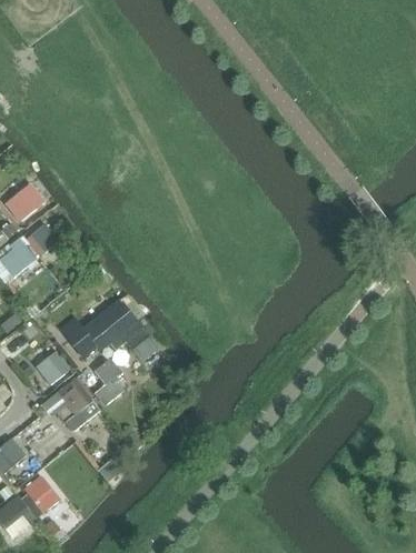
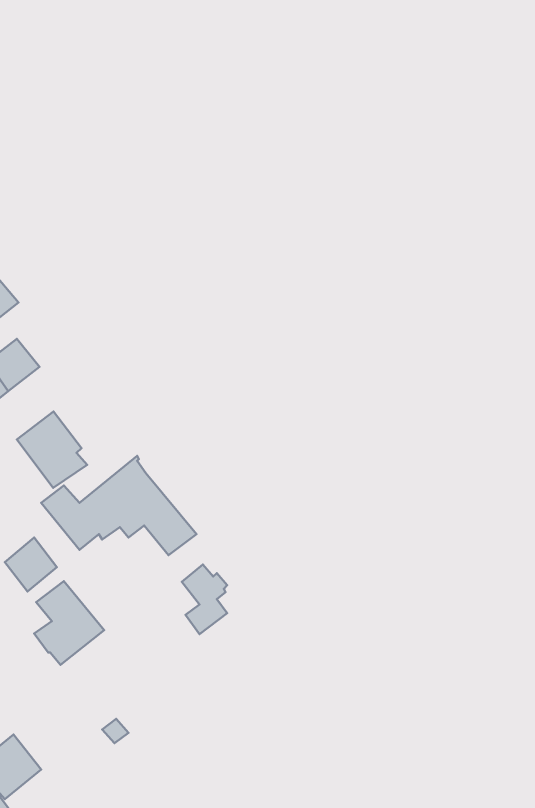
building: none -> [17,411,87,488]
building: [95,359,123,403] -> [182,564,227,634]

